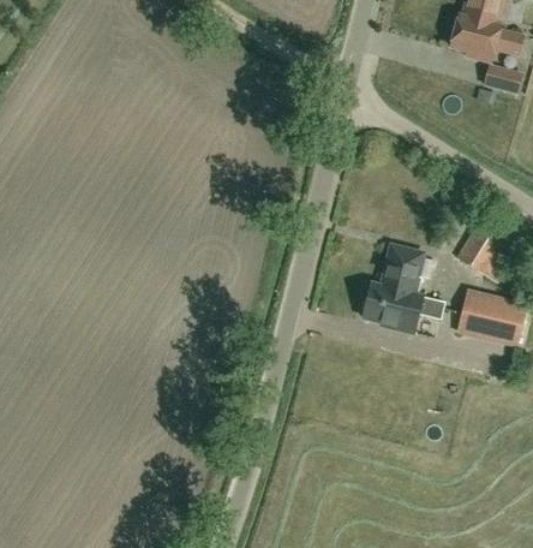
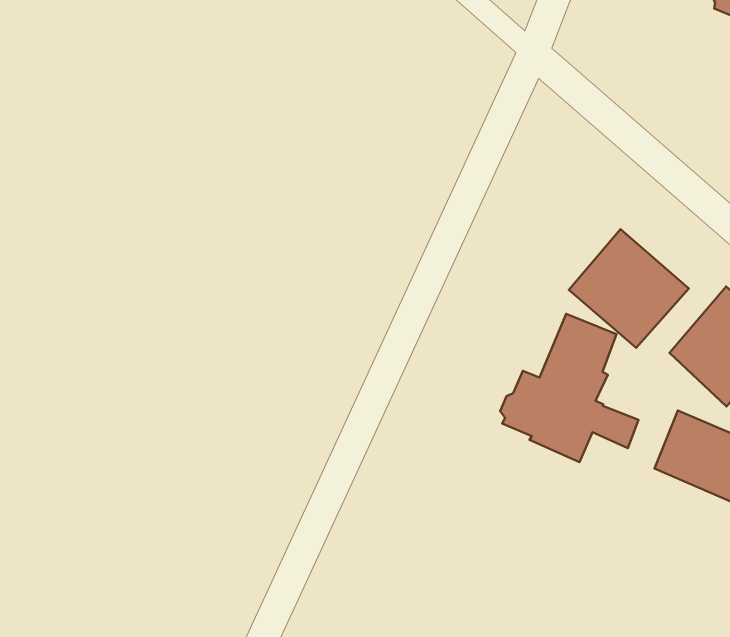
building: none -> [569,229,689,348]

